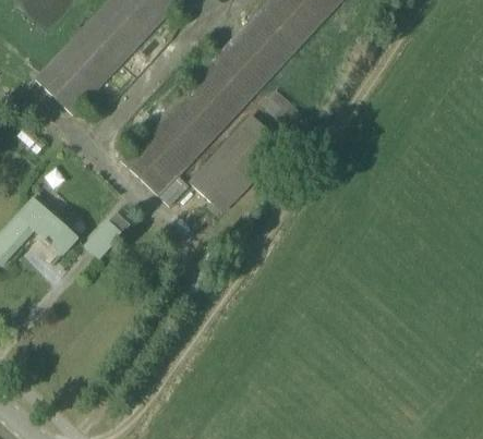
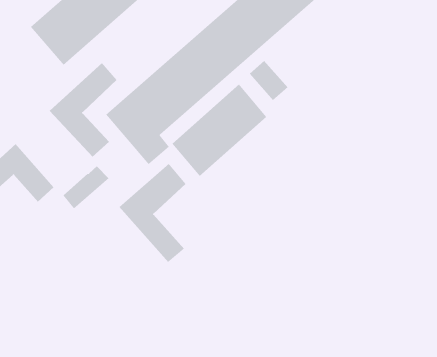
building: none -> [49,62,118,157]
building: none -> [119,163,187,263]

